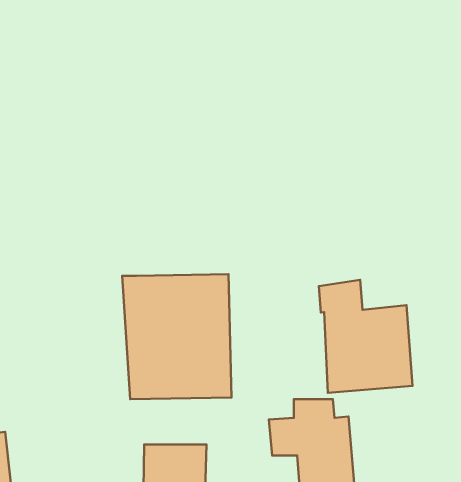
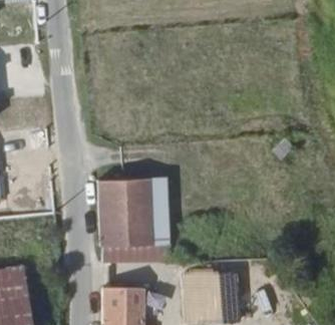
building: [319,280,413,393] -> none

